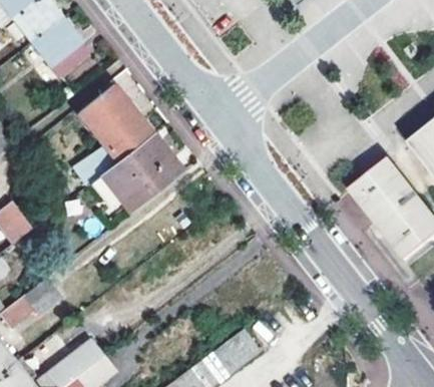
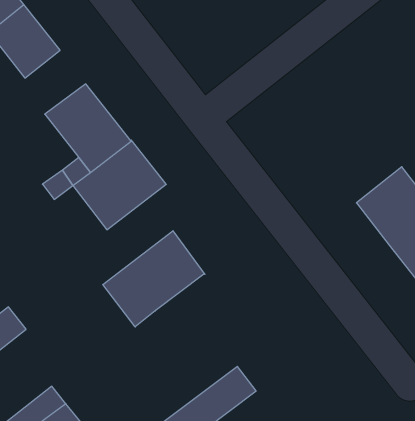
building: none -> [103,231,205,327]

